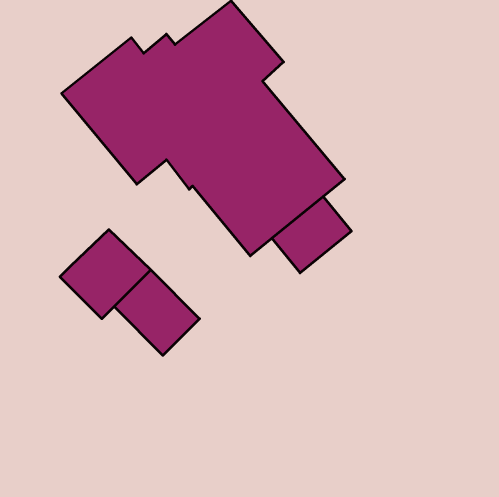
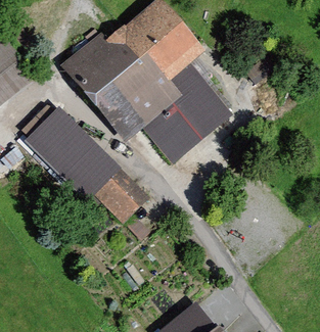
building: none -> [35,105,90,165]
building: [272,197,351,273] -> none

